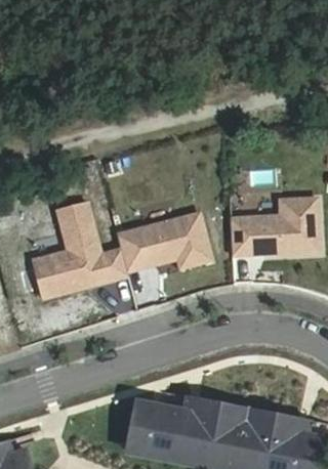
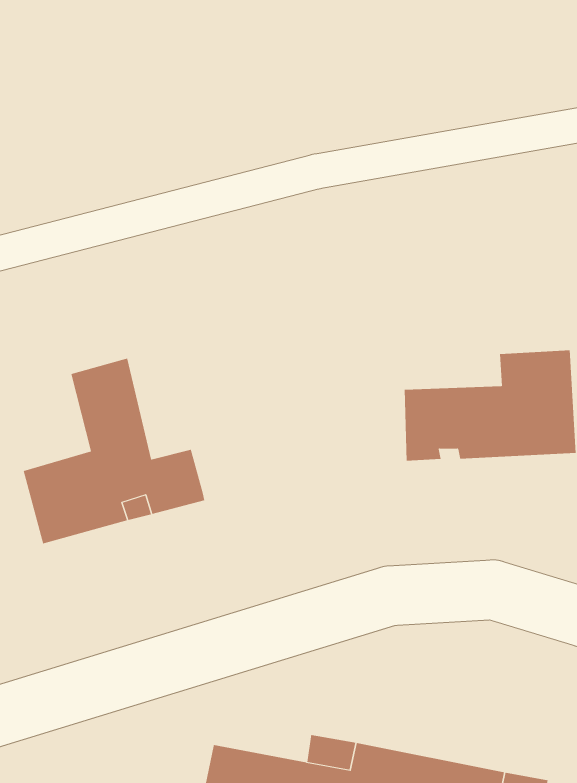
building: [118,214,212,272] -> none

